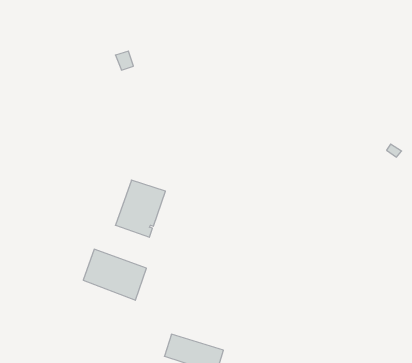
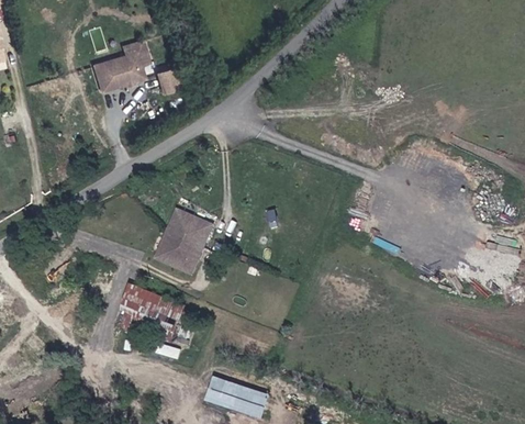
building: none -> [88,51,139,88]

